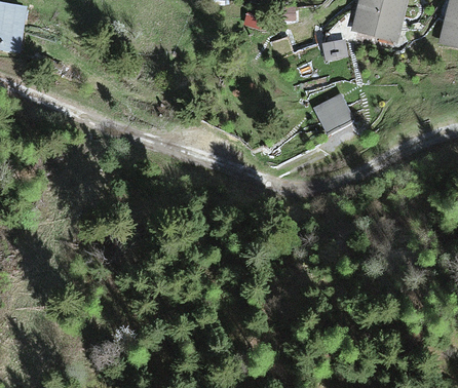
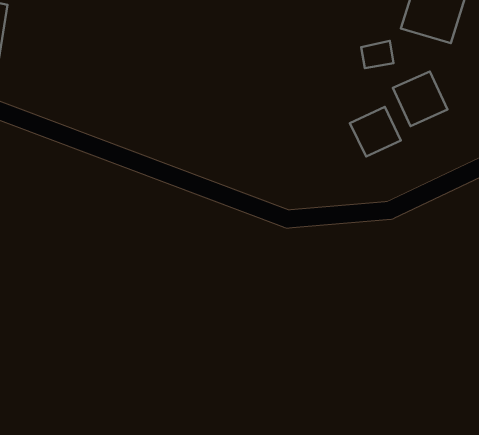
building: none -> [393,71,448,126]

